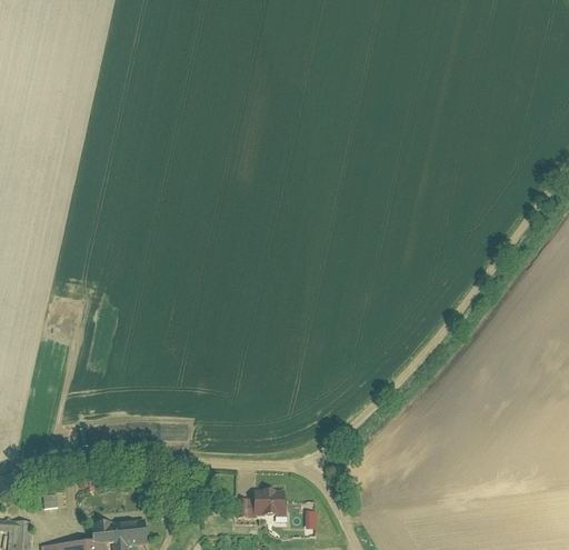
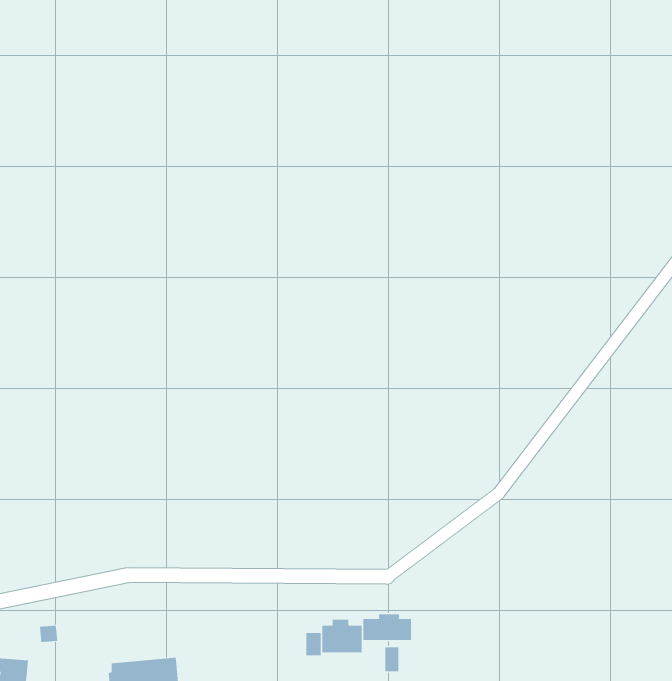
building: none -> [363,613,412,641]

